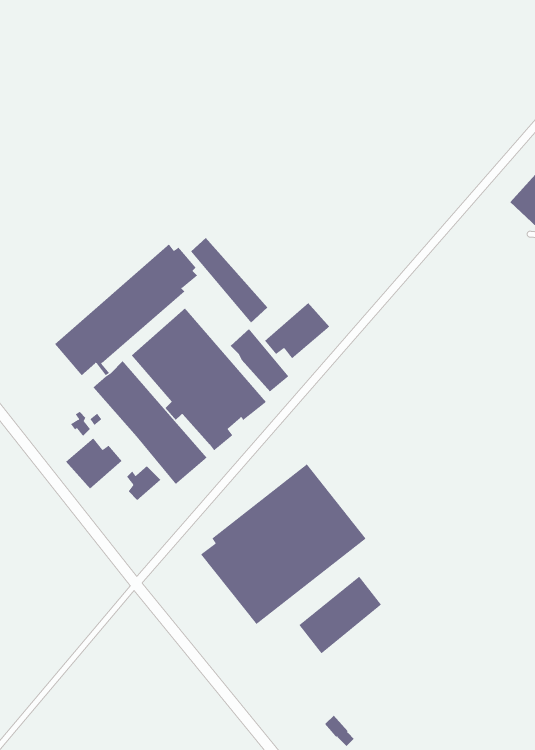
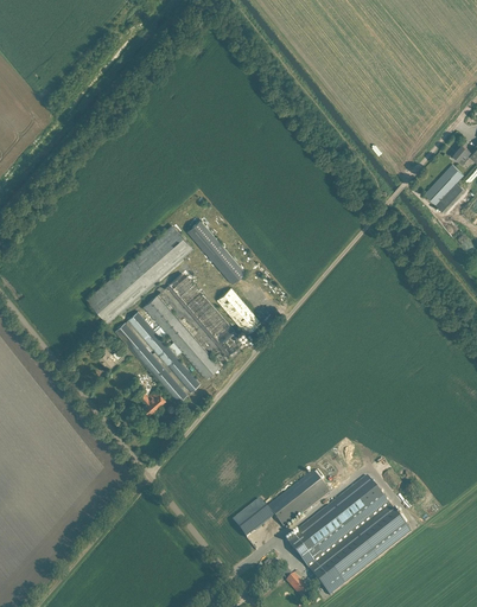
building: [264,302,330,359] -> none
building: [65,438,123,489] -> none
building: [200,464,366,625] -> [288,474,412,594]
building: none -> [231,498,273,537]

